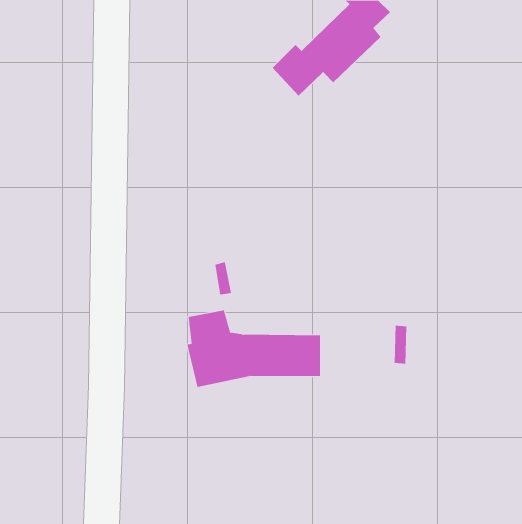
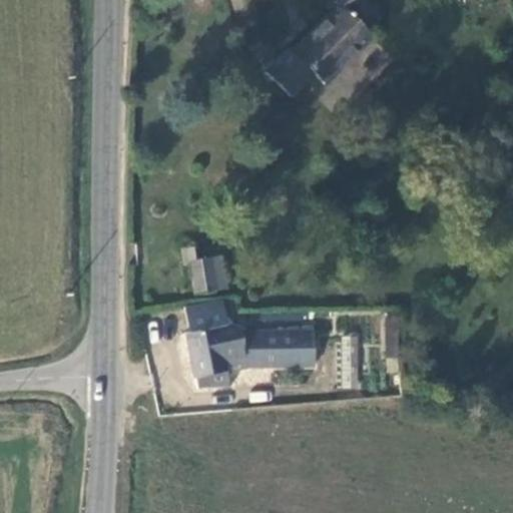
building: none -> [181,244,216,294]

